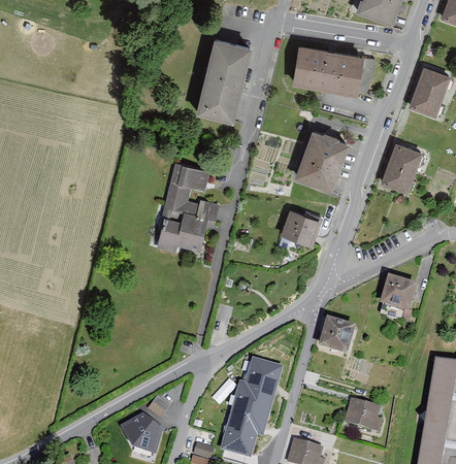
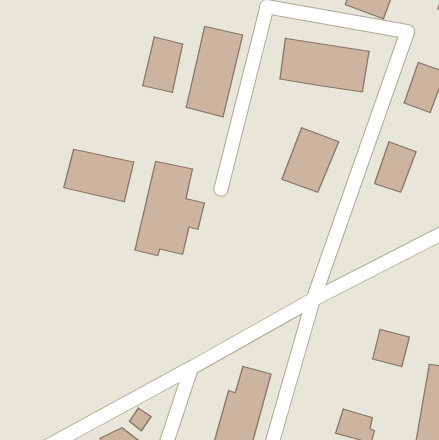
building: none -> [143,37,182,93]
building: none -> [64,149,134,202]
building: [282,211,319,246] -> none
building: [379,273,414,308] -> [372,329,409,367]
building: [317,314,353,352] -> none

